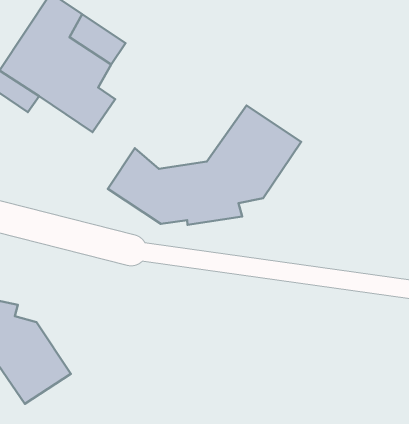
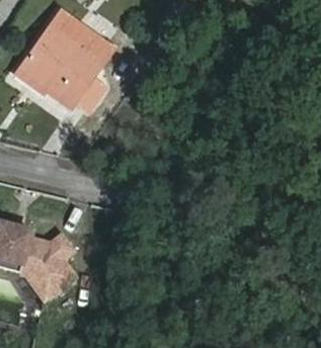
building: [108,105,301,225] -> none

